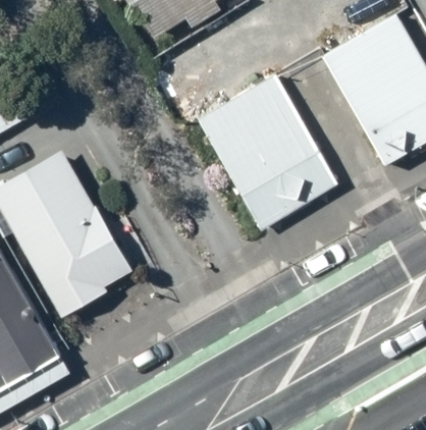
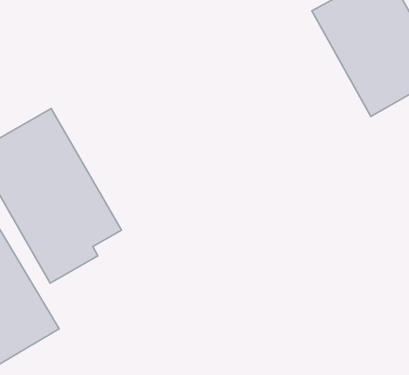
building: [196,73,343,232] -> none

